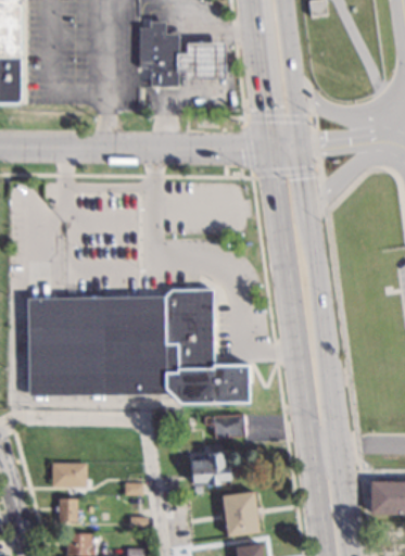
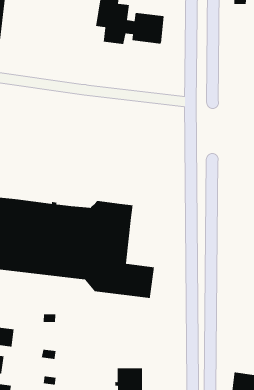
building: [203,415,245,439] -> none
building: [191,453,230,485] -> none

